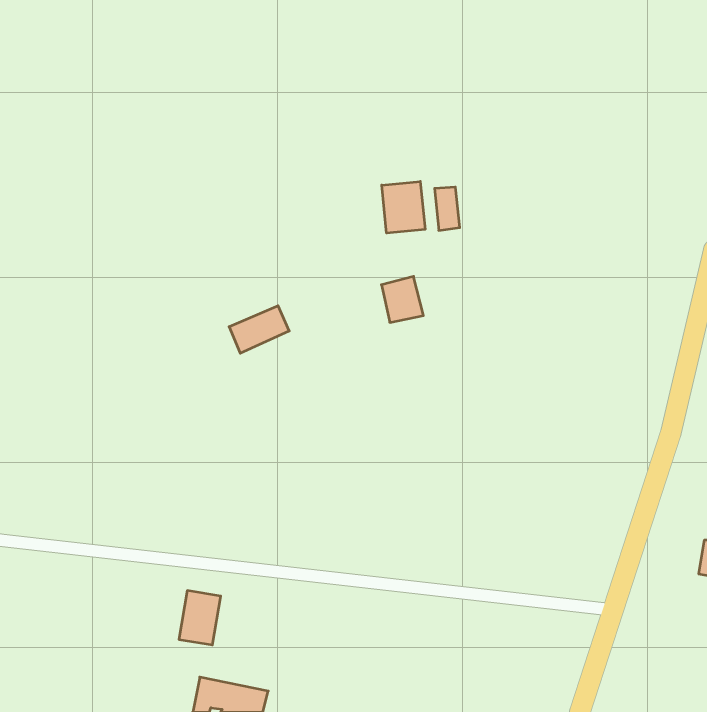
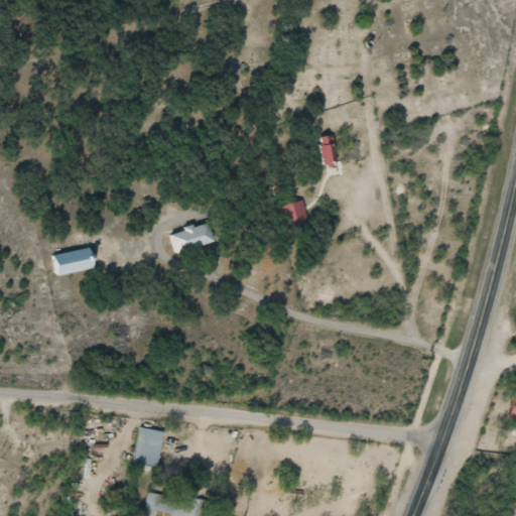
building: [382,181,425,233] -> none
building: none -> [50,247,94,276]

